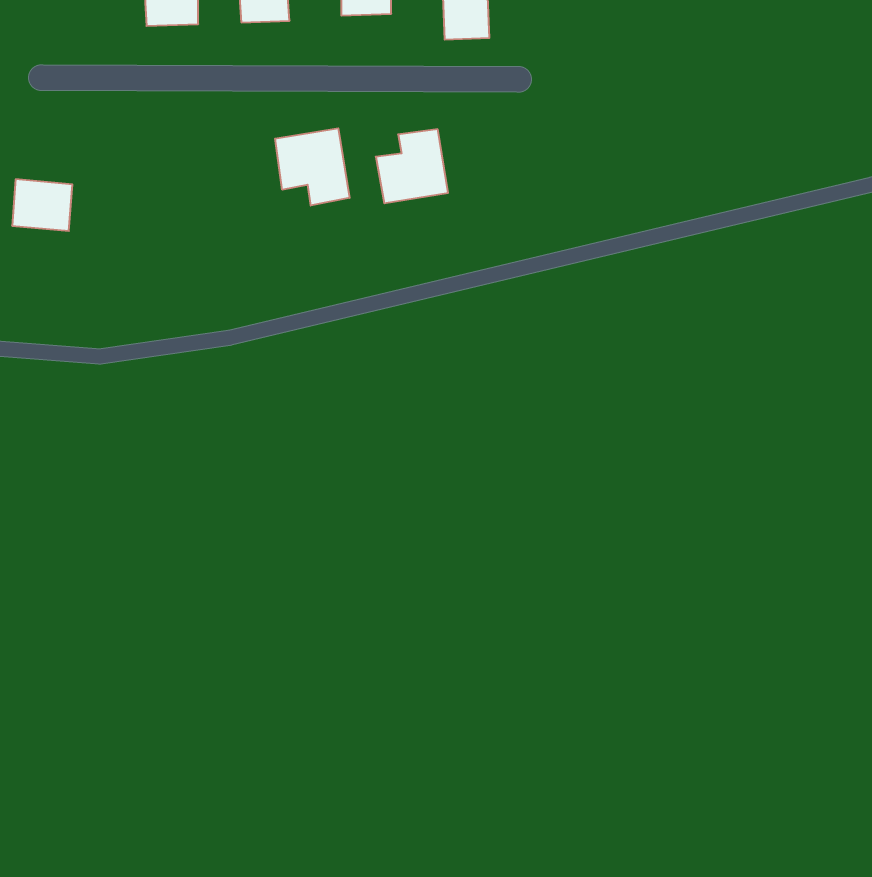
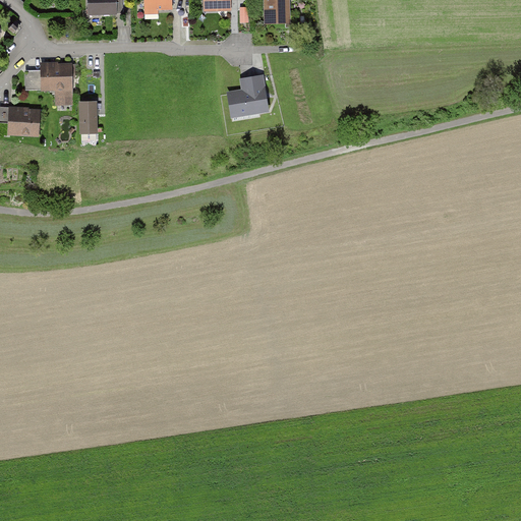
building: none -> [22,60,72,103]
building: [275,128,350,206] -> none
building: none -> [80,100,101,133]

